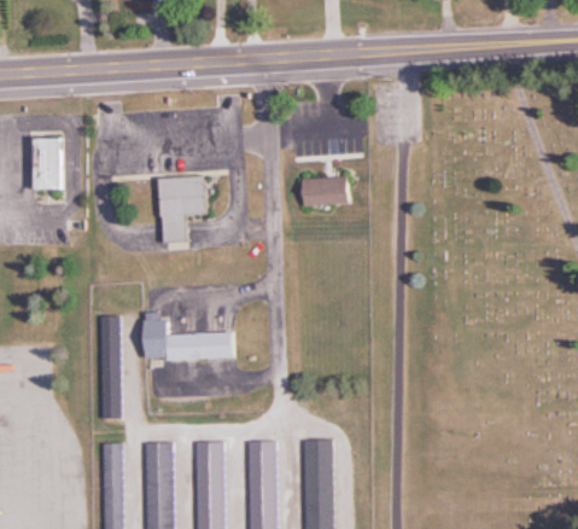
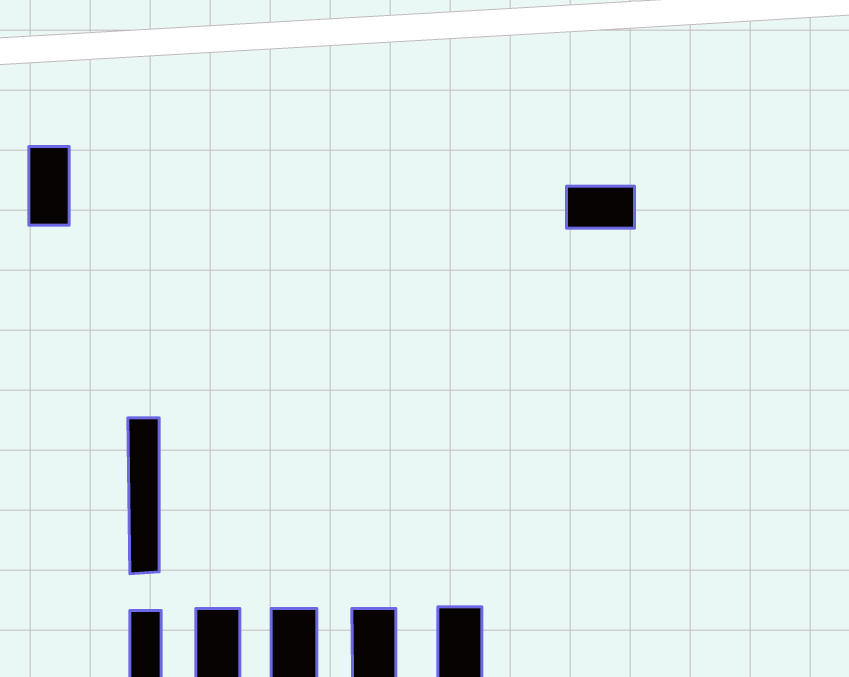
building: [163,178,206,242] -> none
building: [304,178,349,205] -> [567,186,634,228]
building: [145,320,234,360] -> none

